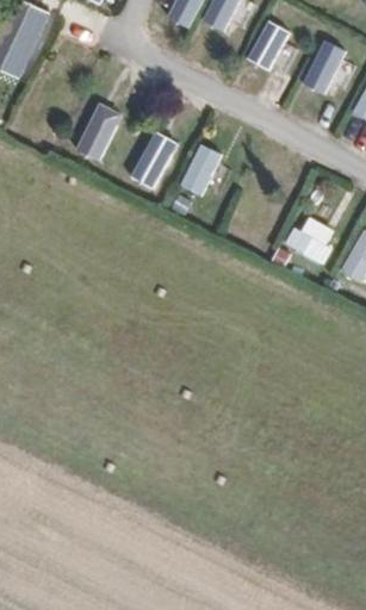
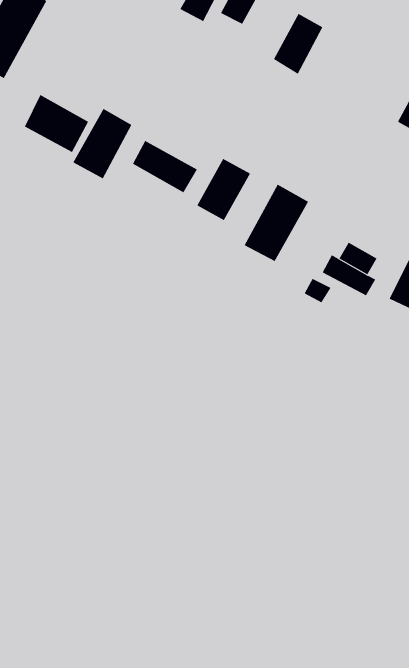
building: [303,39,348,94] -> none
building: none -> [24,94,89,153]
building: none -> [244,184,309,262]

